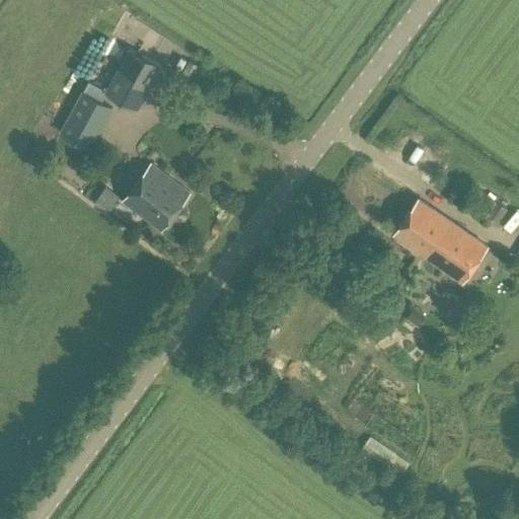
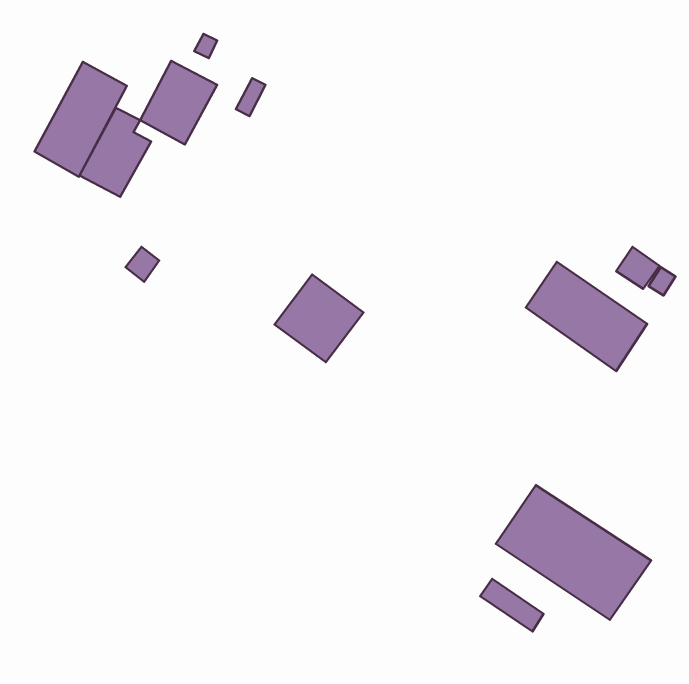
building: none -> [34,62,127,177]
building: [123,166,190,232] -> [274,275,363,362]
building: none -> [496,485,651,620]

